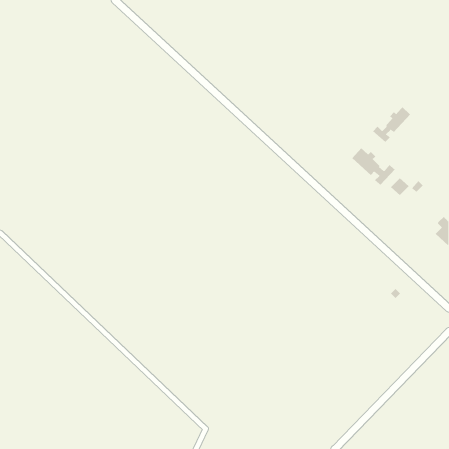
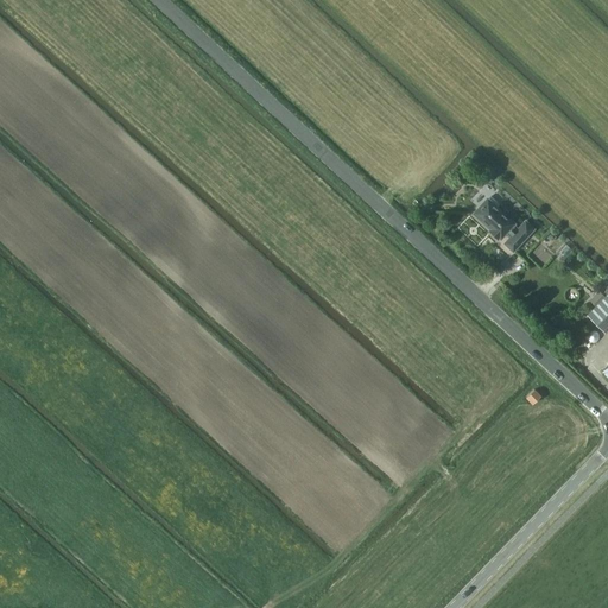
building: [372,107,411,143] -> none

